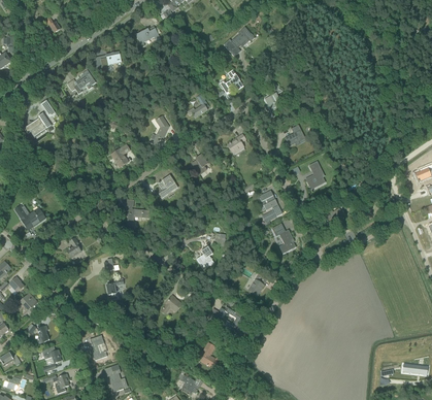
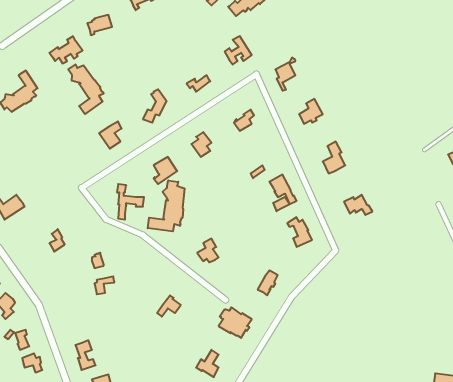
building: none -> [68,64,104,114]
building: none -> [148,180,185,231]

